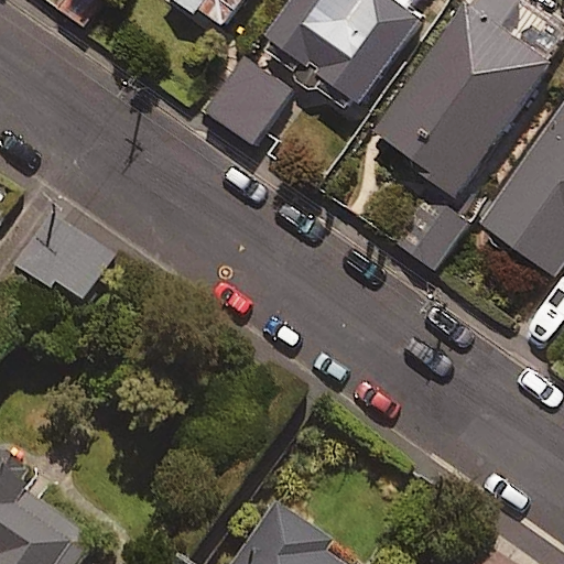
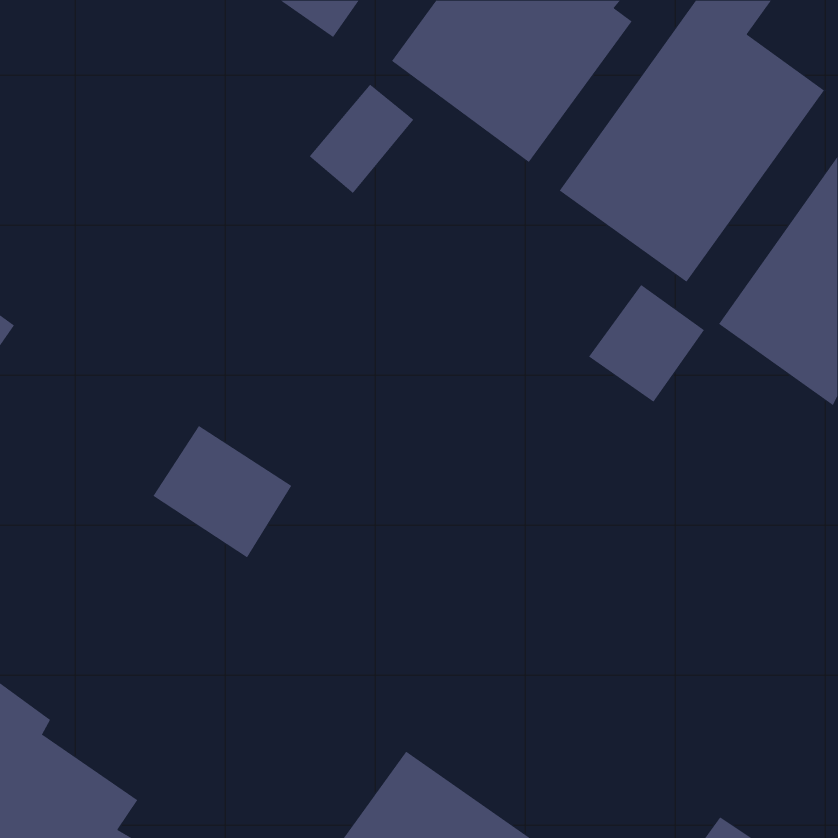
building: [14,216,108,305] -> [152,425,292,558]

